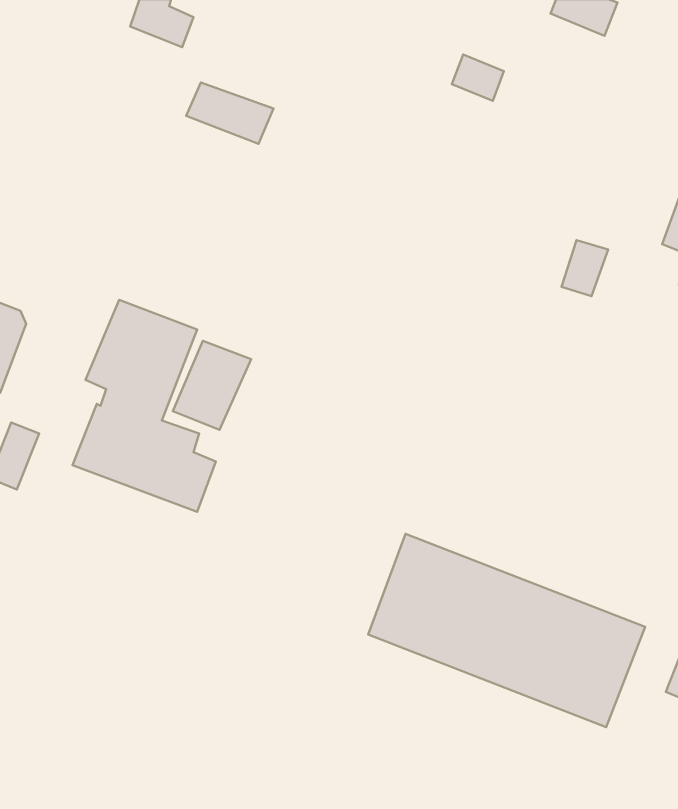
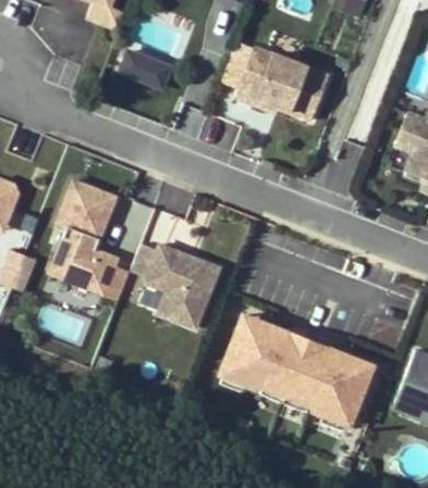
building: none -> [219,42,330,124]
building: none -> [132,243,223,333]

